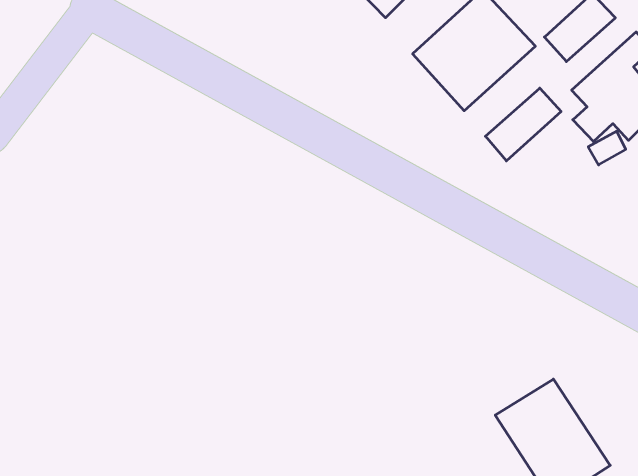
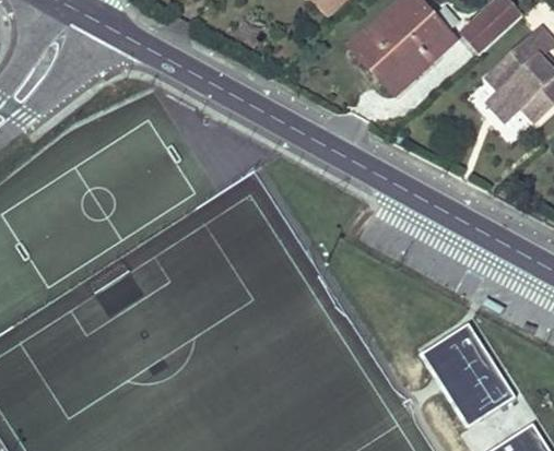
building: [485,88,561,161] -> none

